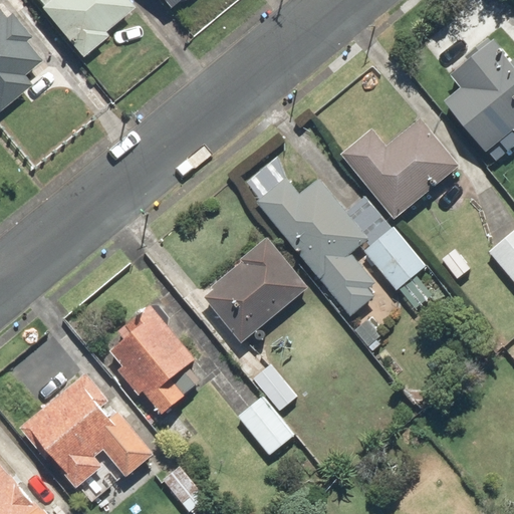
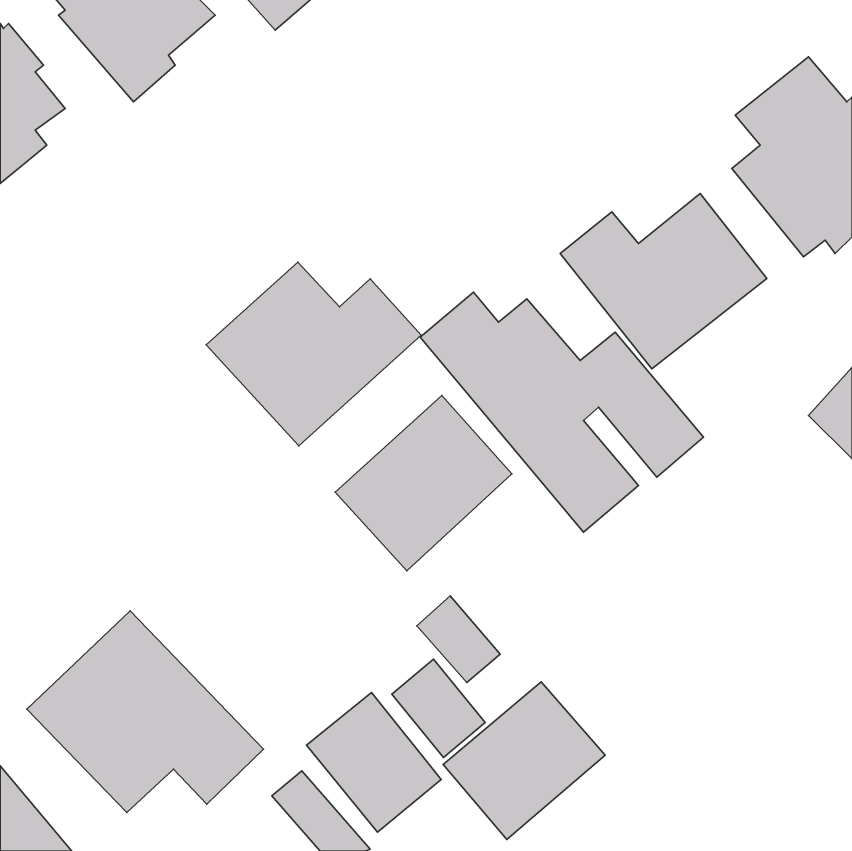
building: none -> [206,262,421,446]
building: [99,306,196,419] -> none
building: none -> [443,682,605,840]
building: none -> [307,693,441,832]

